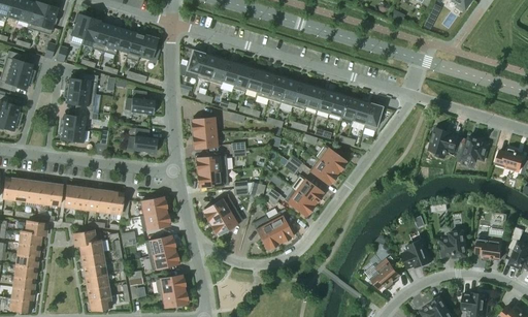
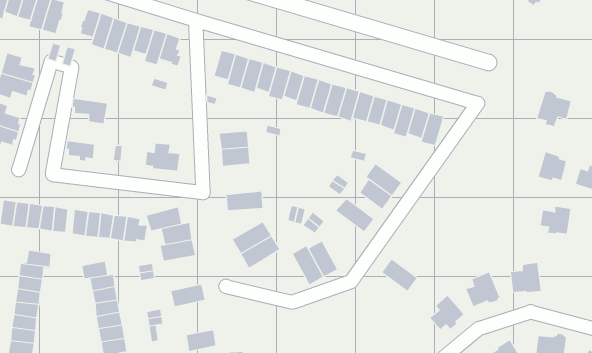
building: [65,74,97,95] -> none
building: [124,91,154,115] -> none
building: [60,110,92,130] -> none
building: [428,127,458,158] -> [537,90,571,127]
building: [195,156,227,173] -> none
building: [284,187,315,217] -> [381,256,418,291]
building: [144,235,175,256] -> [146,207,182,231]
building: [475,236,502,260] -> [540,206,571,234]
building: [156,276,186,294] -> none

